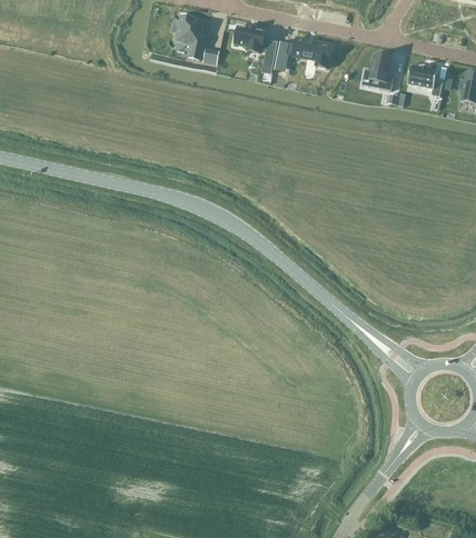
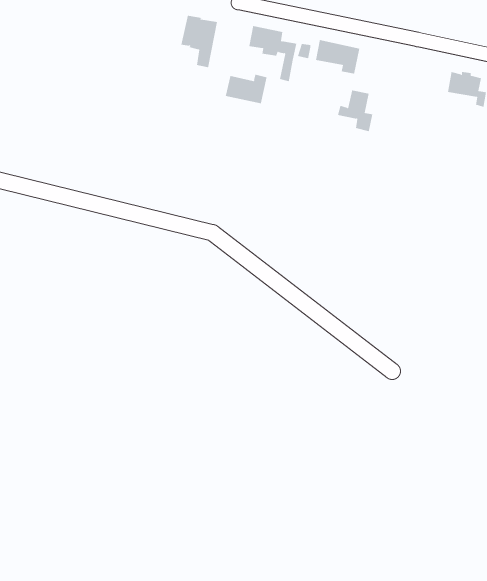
building: [363,54,394,91] -> [337,90,373,132]
building: none -> [225,74,267,104]

